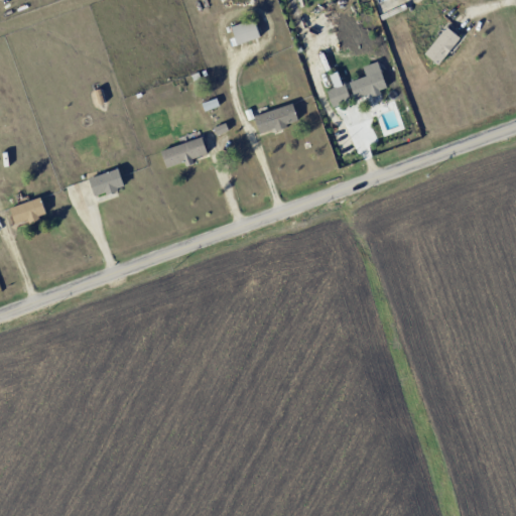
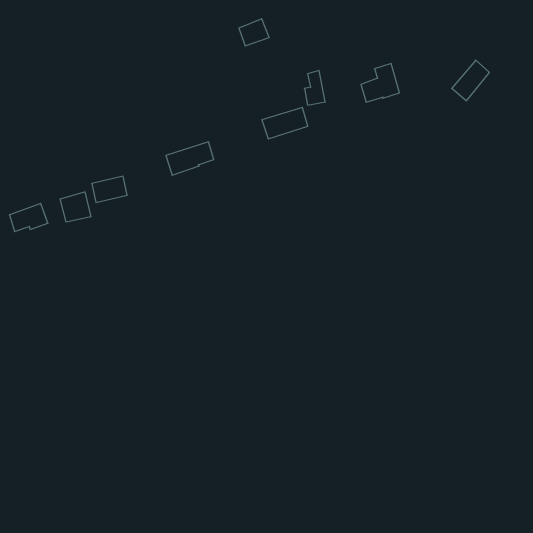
building: [423,26,460,66] -> [452,60,489,101]
building: [327,72,347,105] -> [304,71,325,105]
building: none -> [60,192,91,222]

